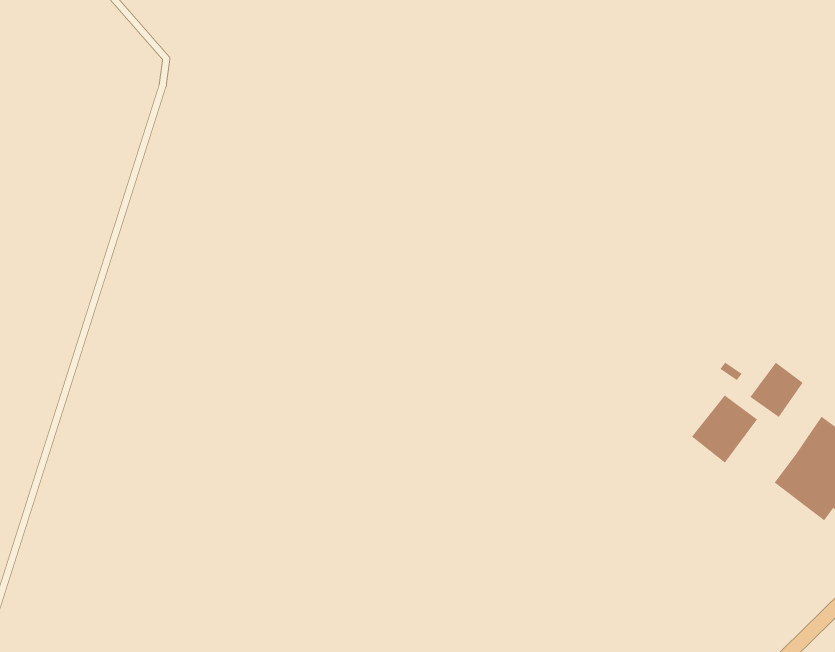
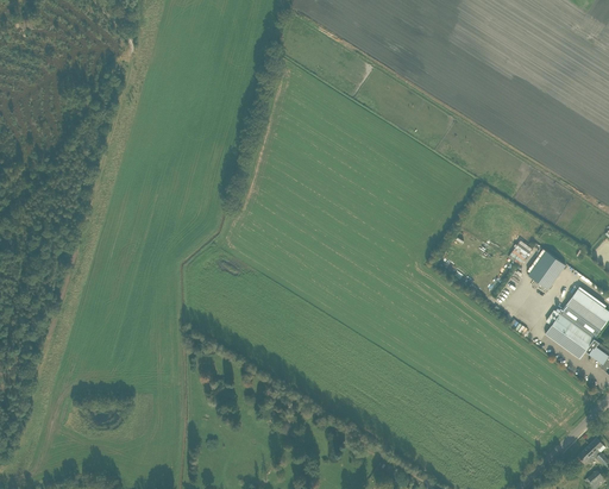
building: [691,395,758,464] -> none

